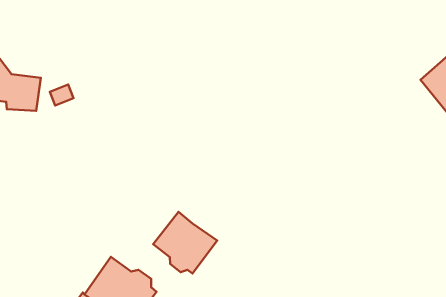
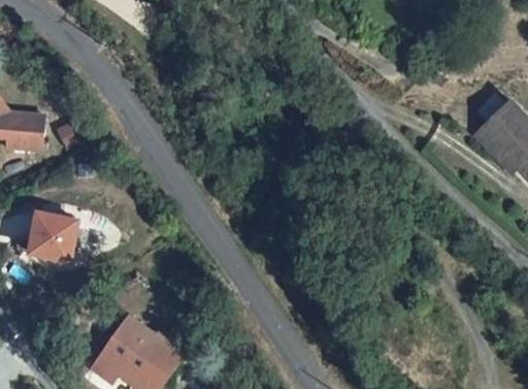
building: none -> [31,214,80,263]
building: [153,212,217,273] -> none

